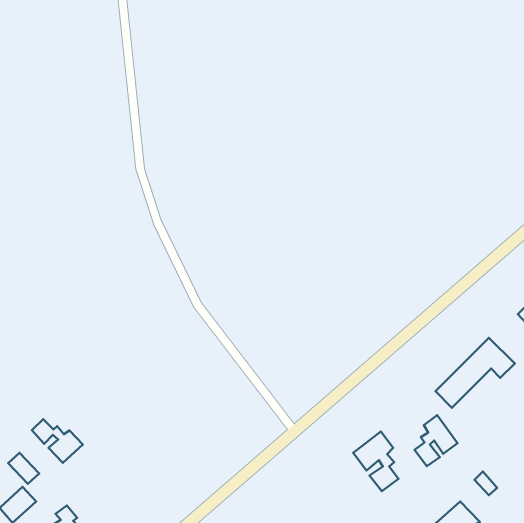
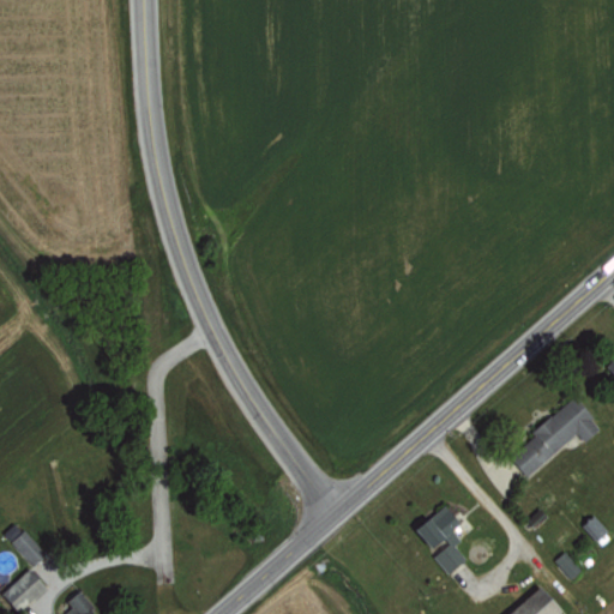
building: [415,415,457,466] -> none
building: [32,419,83,463] -> none

